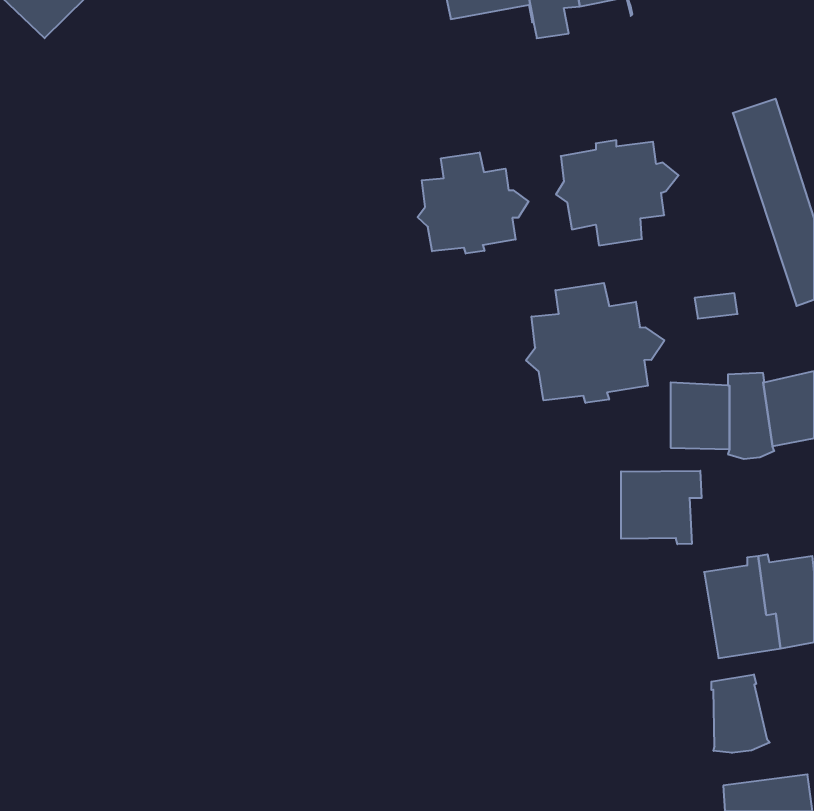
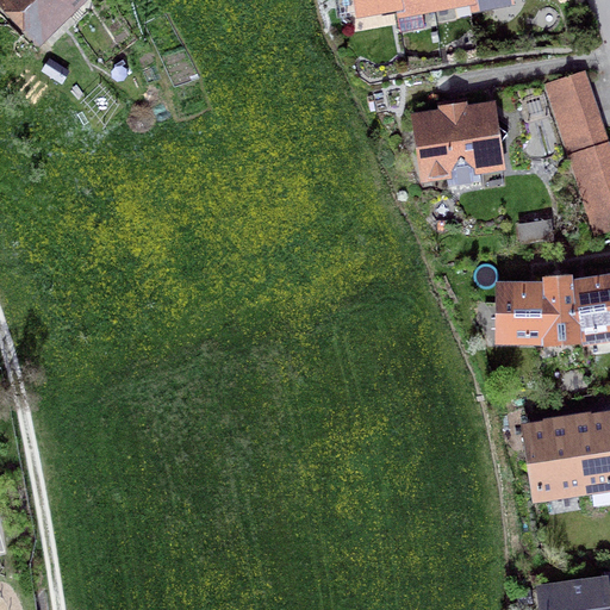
building: [418,152,529,254] -> none
building: [526,283,664,403] -> none
building: [621,471,702,544] -> none
building: [711,674,770,753] -> none

